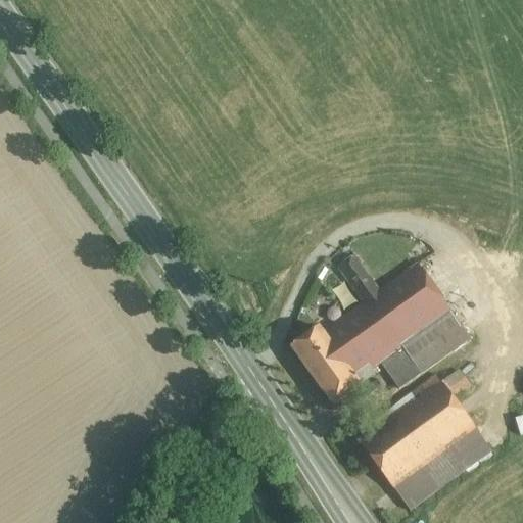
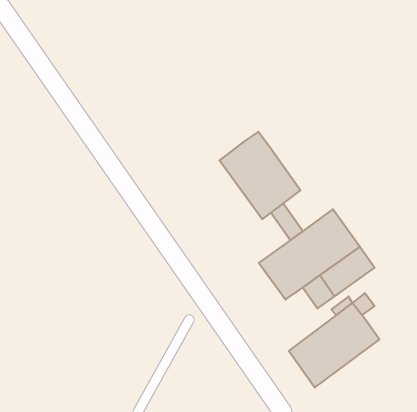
building: none -> [219,132,300,219]
building: [292,325,375,401] -> none
building: [394,426,491,509] -> none

